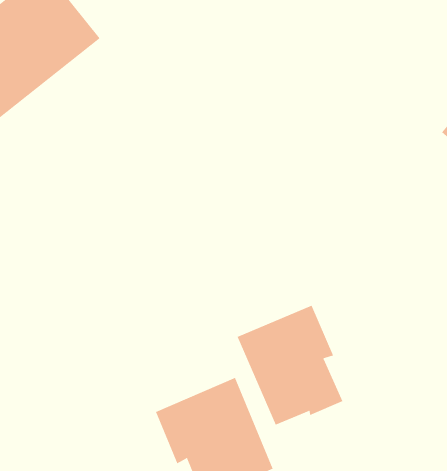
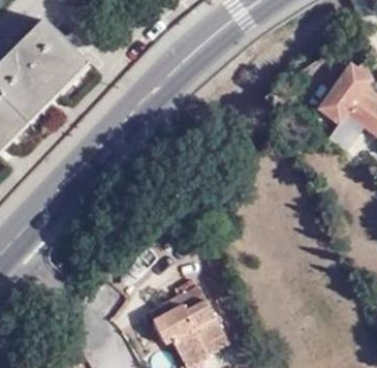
building: [237,305,343,426] -> none

